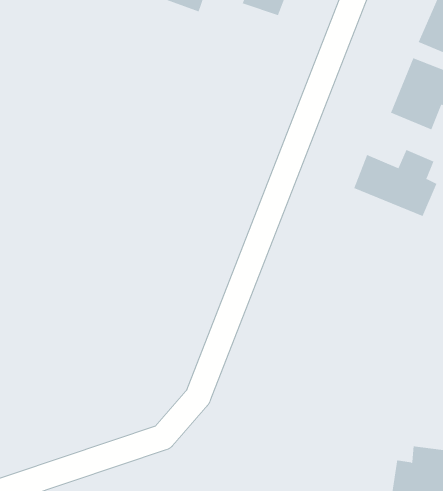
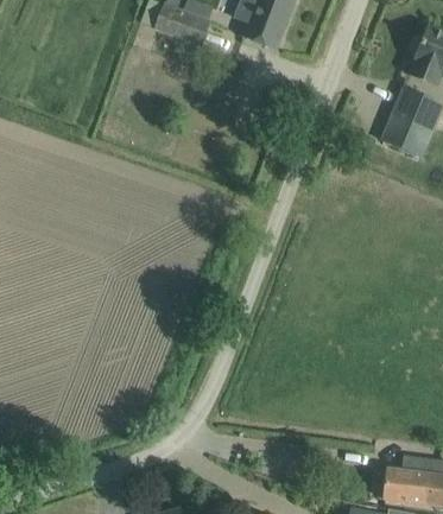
building: [353,149,437,217] -> none

